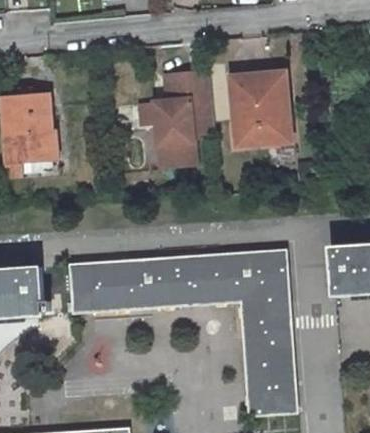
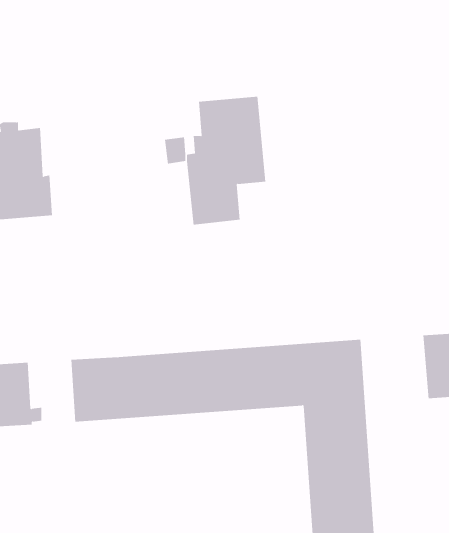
building: [230,71,291,146] -> none

